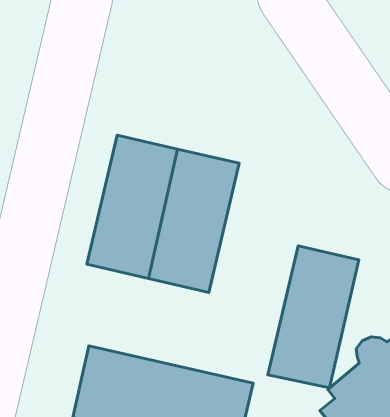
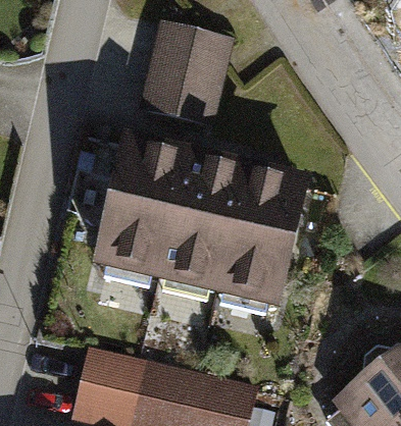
building: none -> [143,20,235,119]
building: [268,246,359,388] -> [214,165,306,309]

